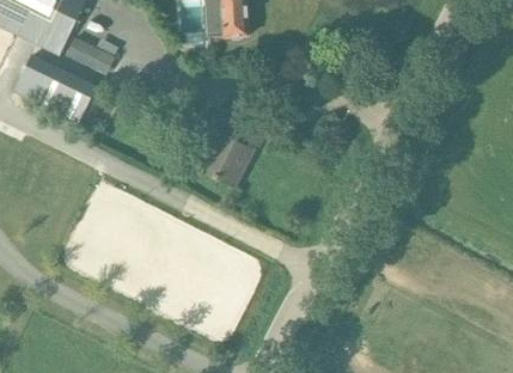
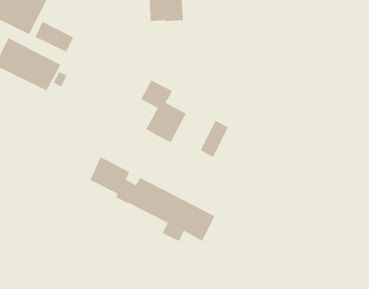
building: none -> [199,120,229,158]
building: none -> [89,156,216,242]

